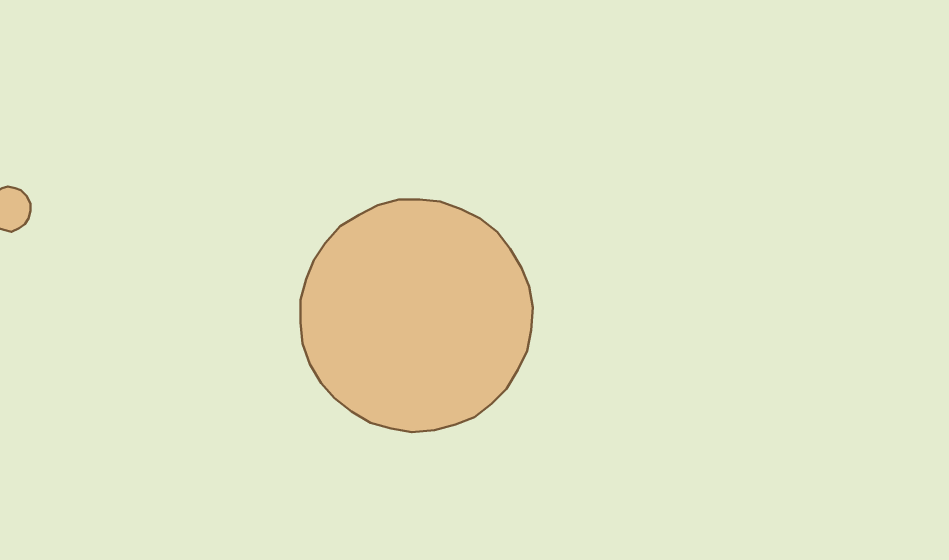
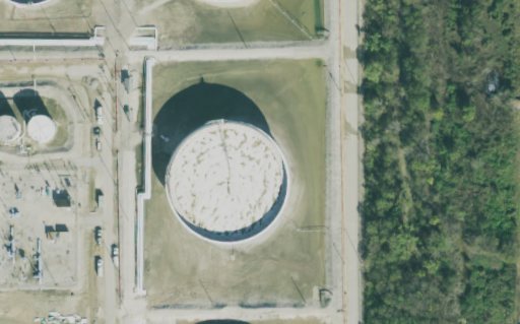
building: none -> [29,111,53,134]

